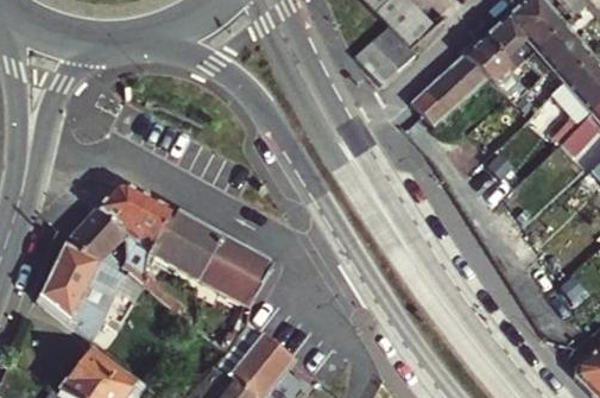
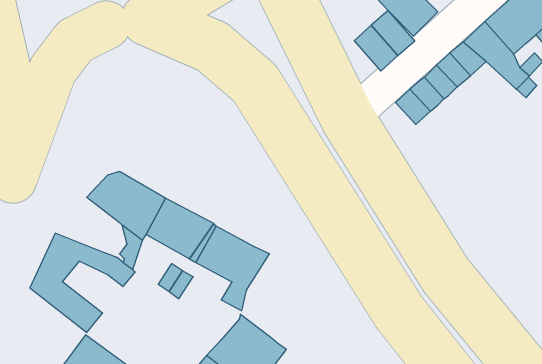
building: [63,209,126,260] -> none

